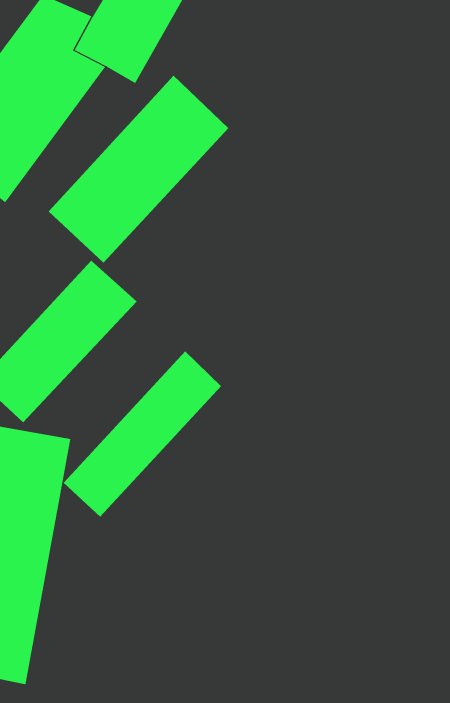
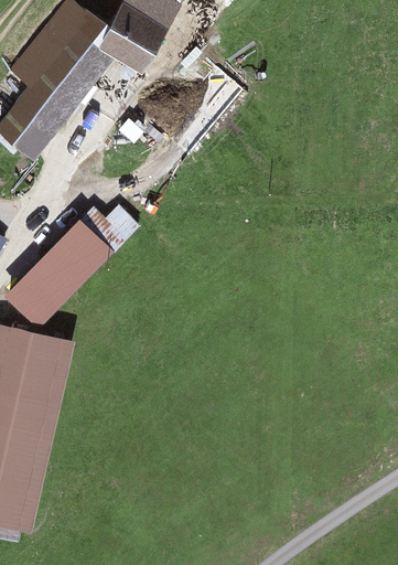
building: [48,75,229,263] -> none
building: [63,350,222,518] -> none

